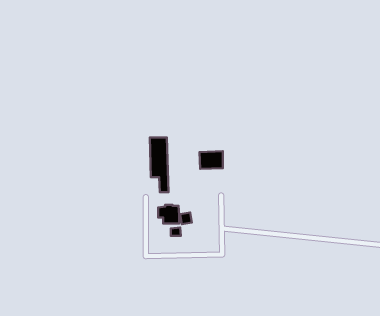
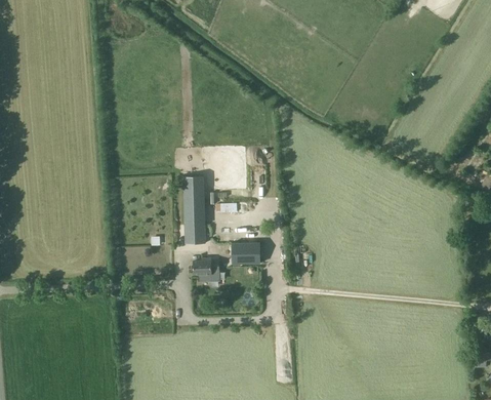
building: [199,151,223,169] -> [232,242,260,264]

